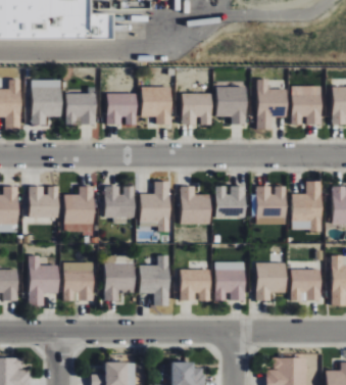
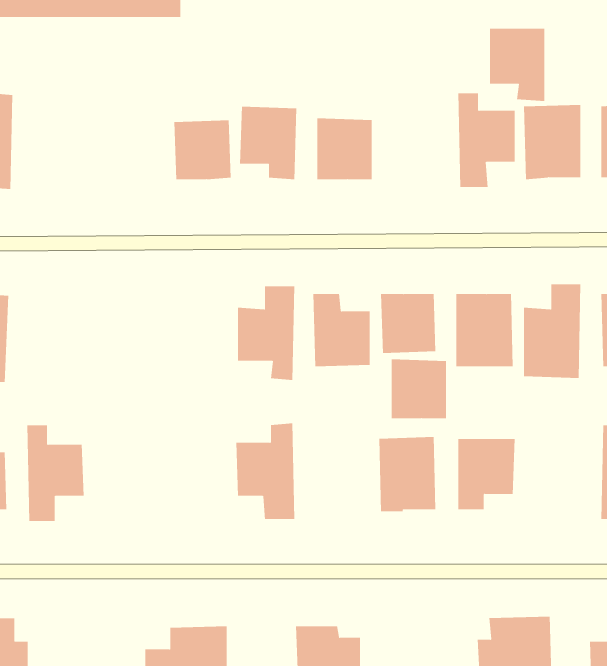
building: [32,80,61,126] -> none
building: [65,87,96,125] -> none
building: [216,87,246,126] -> [489,28,545,102]
building: [29,186,59,218] -> none
building: [64,186,94,232] -> none
building: [104,186,135,218] -> none
building: [63,261,94,301] -> none
building: [104,262,136,300] -> none
building: [181,269,210,300] -> [391,359,447,419]
building: [291,269,322,301] -> none

